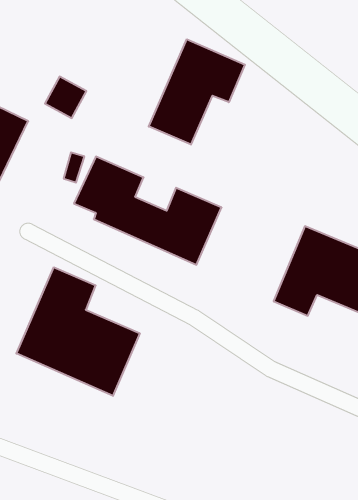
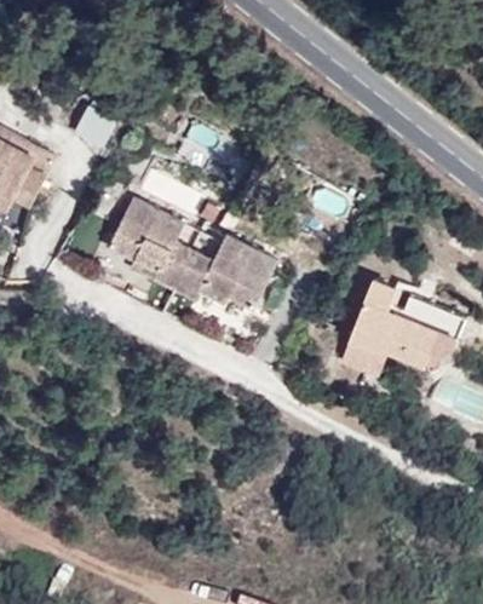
building: [149,39,245,145] -> none
building: [16,267,140,396] -> none

